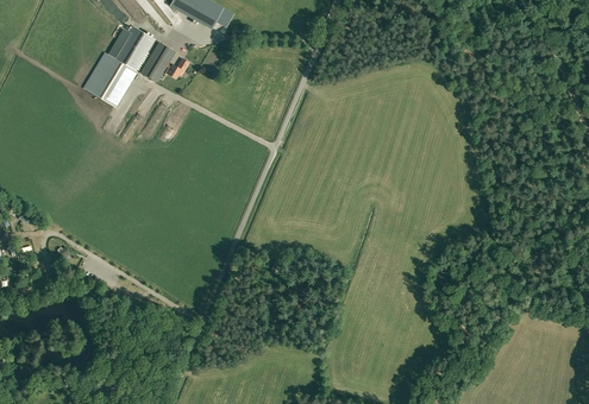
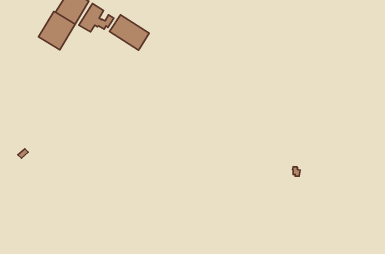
building: none -> [110,15,149,50]

